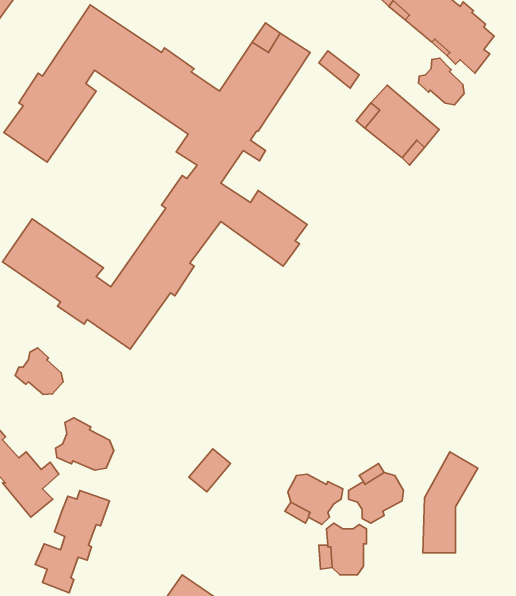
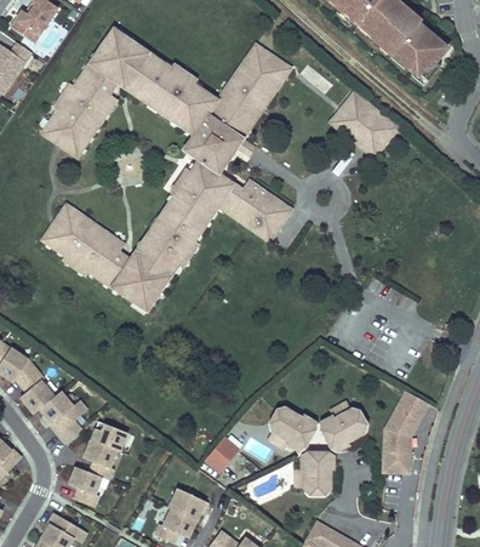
building: [418,58,464,105] -> none
building: [15,348,63,395] -> none
building: [55,418,114,470] -> none
building: [189,449,231,492] -> [207,438,241,473]

